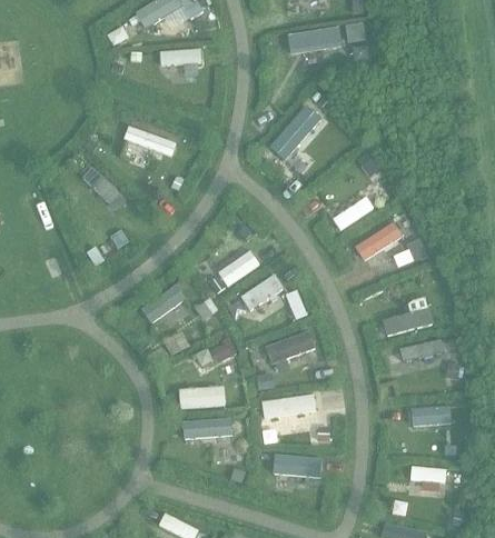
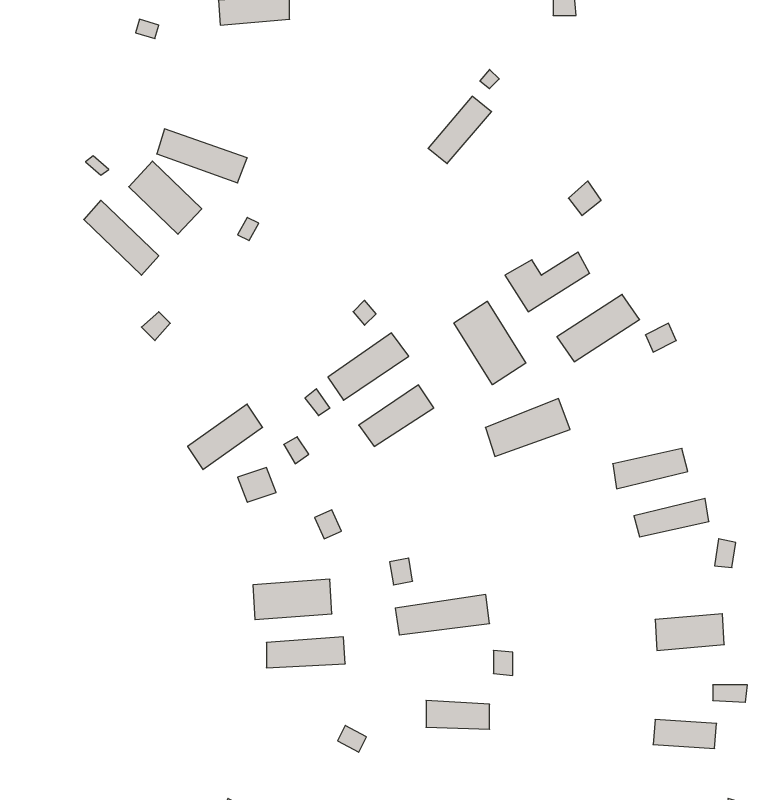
building: none -> [129,161,202,234]
building: none -> [454,301,526,385]
building: [266,330,315,363] -> [485,399,570,456]

